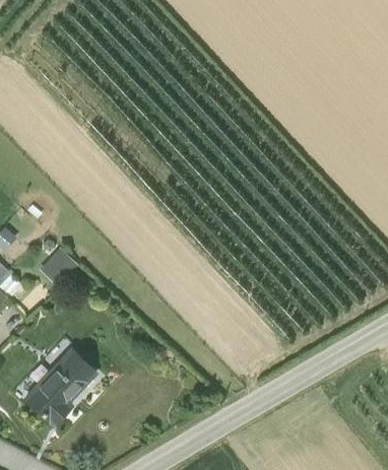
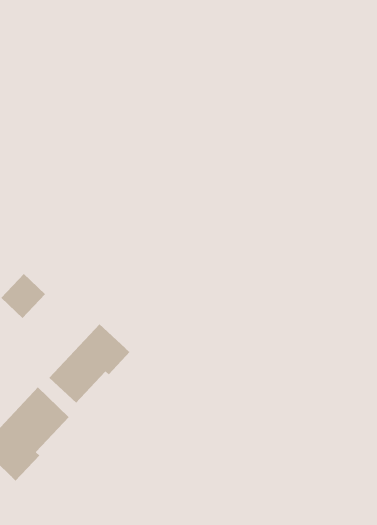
building: none -> [48,324,130,403]

